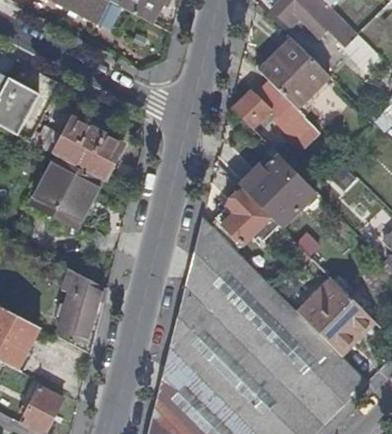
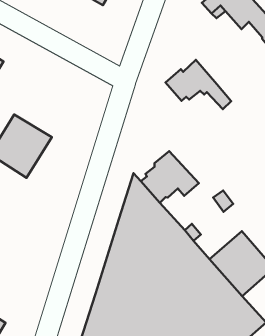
building: [257,38,326,107] -> none
building: [55,122,123,181] -> none
building: [241,154,313,226] -> none
building: [57,271,101,344] -> none

